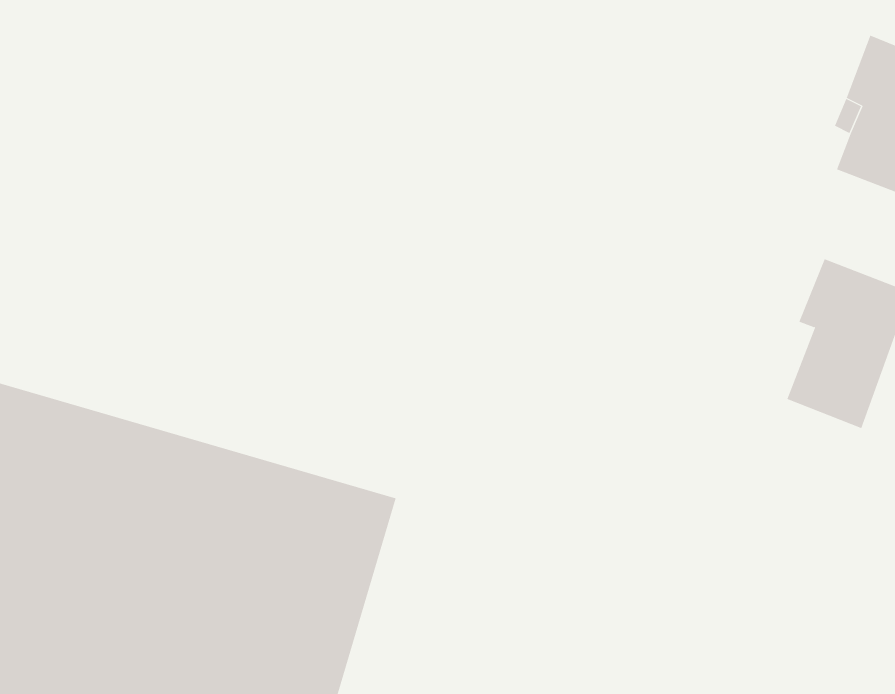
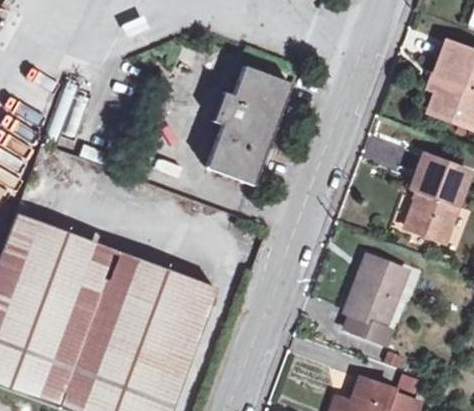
building: none -> [208,66,293,185]
building: none -> [348,254,408,342]

